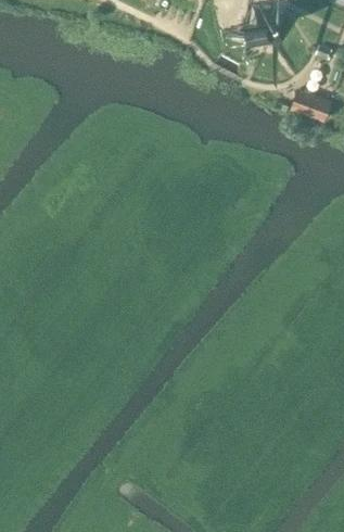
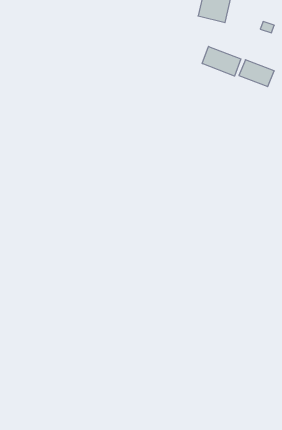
building: none -> [202,46,241,76]

